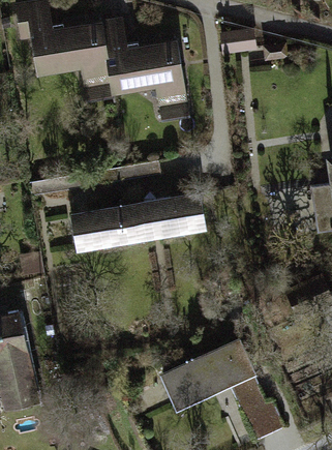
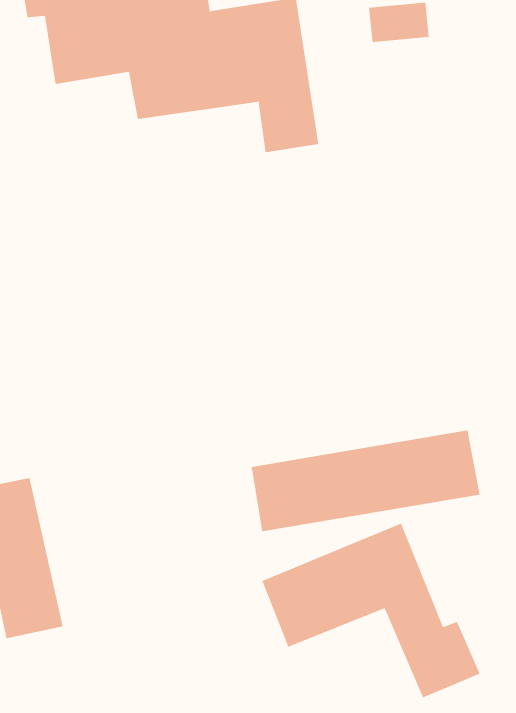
building: [70,191,206,251] -> [251,430,480,532]

